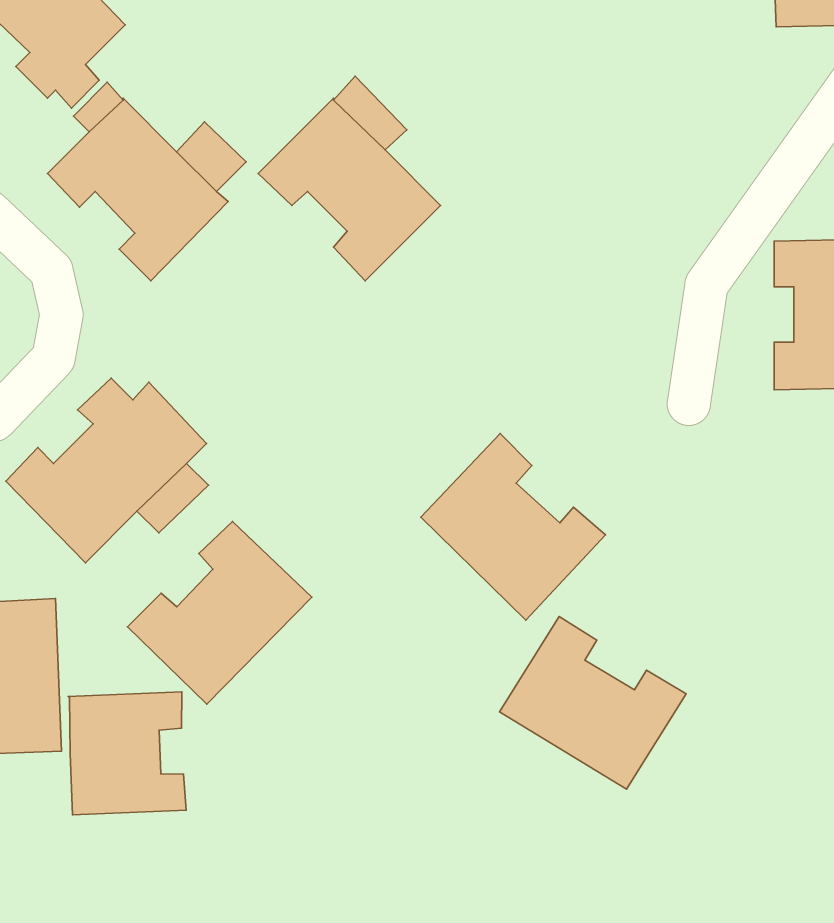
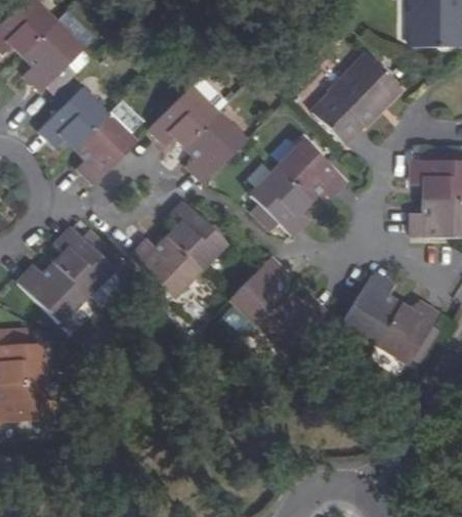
building: none -> [314,52,403,141]
building: none -> [254,141,346,233]
building: [127,522,312,704] -> [131,204,226,298]
building: [500,616,686,789] -> [343,272,439,361]
building: [68,692,186,815] -> none

